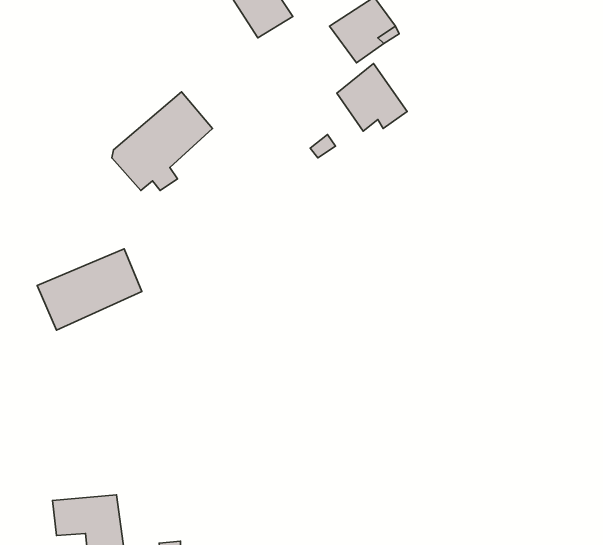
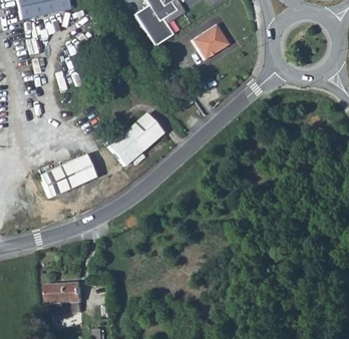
building: [337,63,407,131] -> none
building: [112,92,212,191] -> [108,114,160,165]

